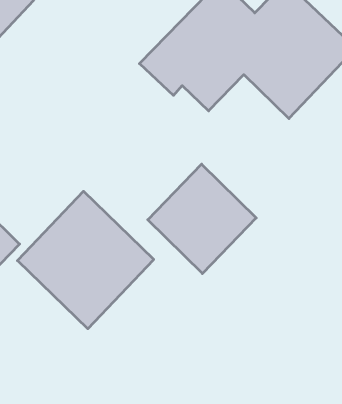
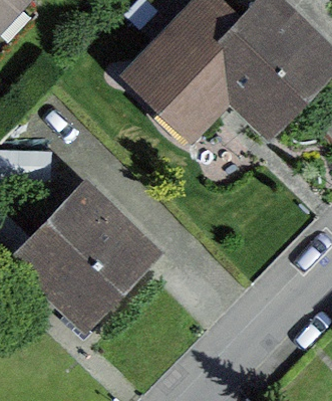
building: [148,164,256,274] -> none

